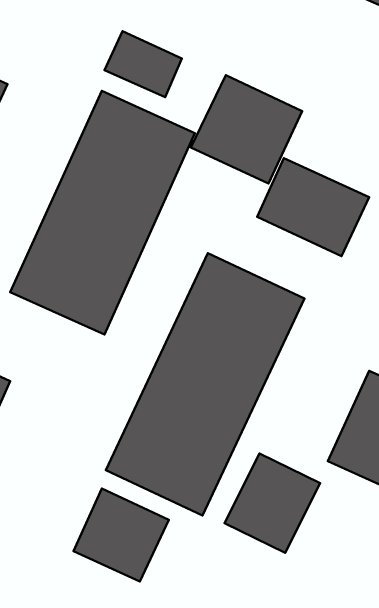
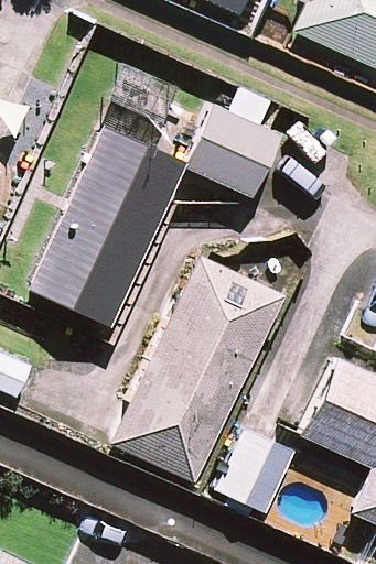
building: [257,158,369,256] -> none
building: [73,488,169,582] -> none

